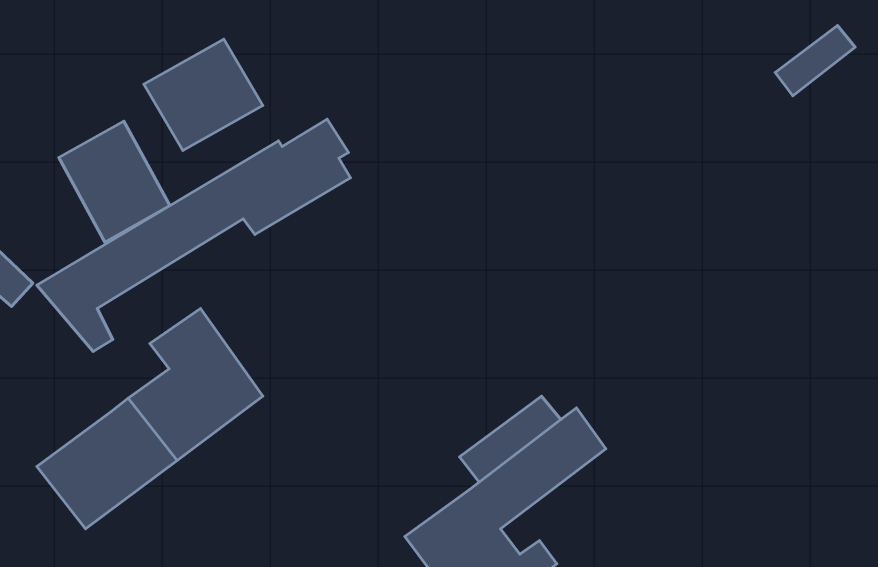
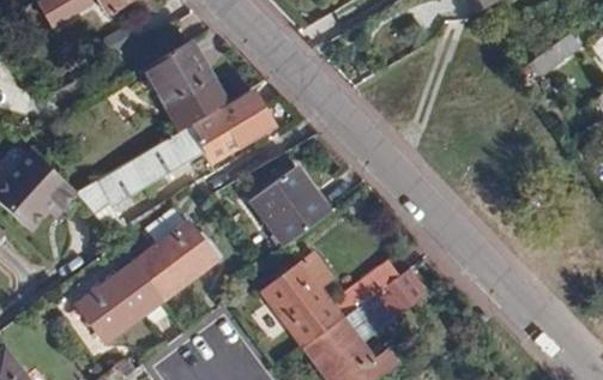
building: [59,121,170,242] -> none
building: none -> [251,167,331,246]
building: none -> [261,252,343,346]

